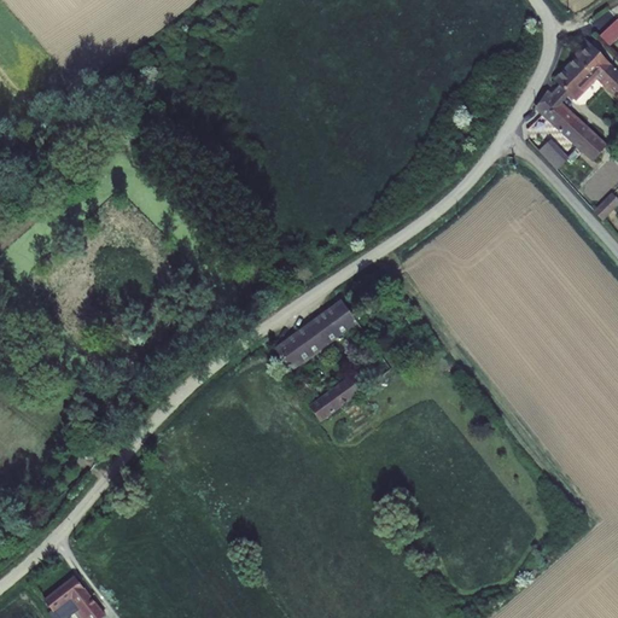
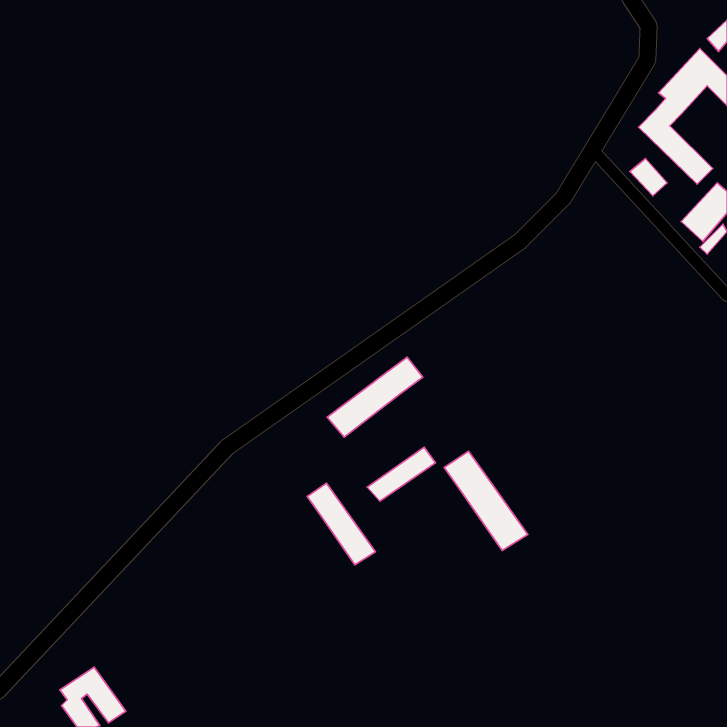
building: none -> [444,451,528,551]
building: none -> [307,483,376,565]

